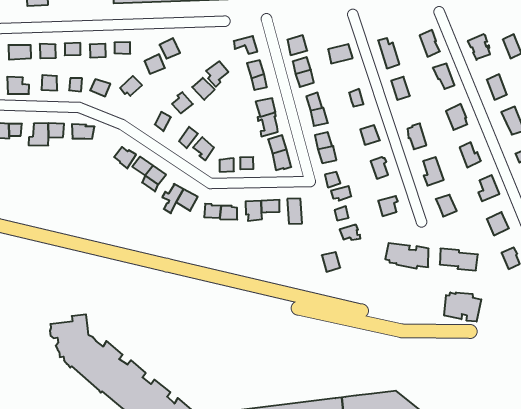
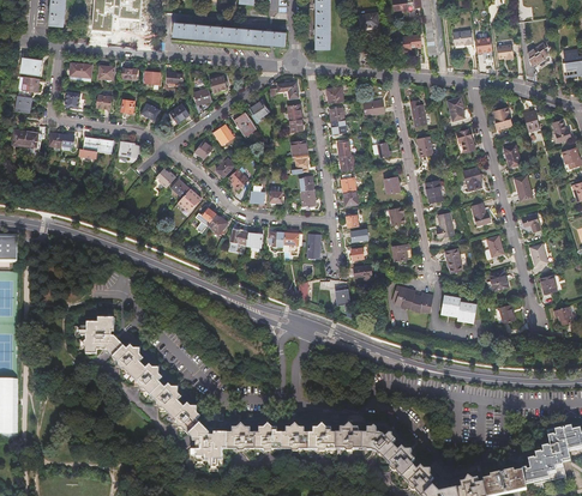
building: [444,292,481,322] -> none

